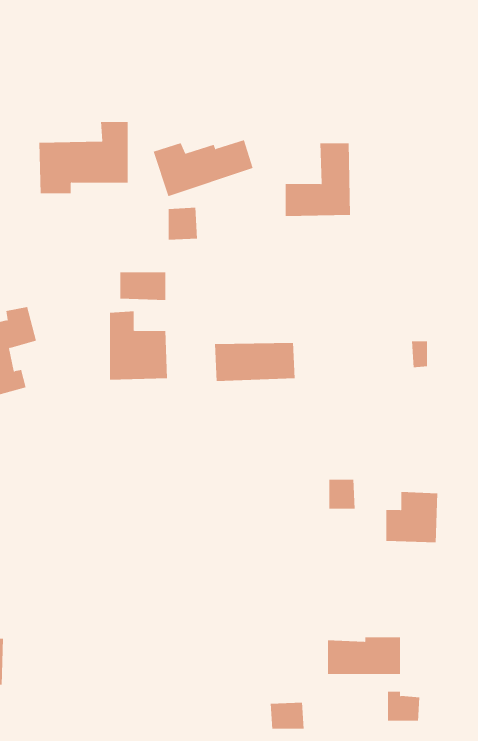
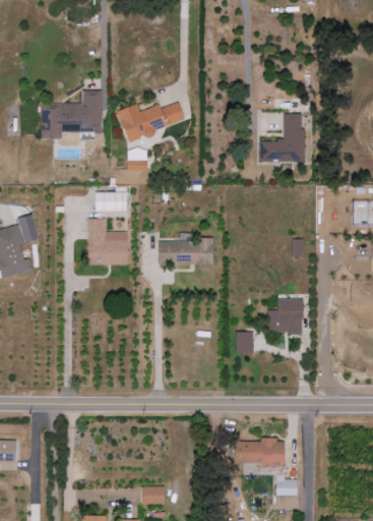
building: [285,143,351,217] -> [259,113,304,163]
building: [385,492,438,543] -> [267,298,303,333]
building: [270,702,304,729] -> [141,485,165,504]

